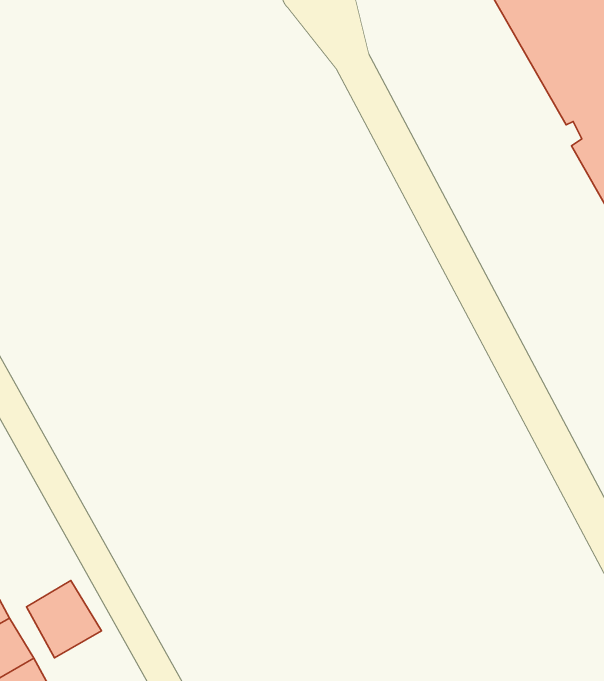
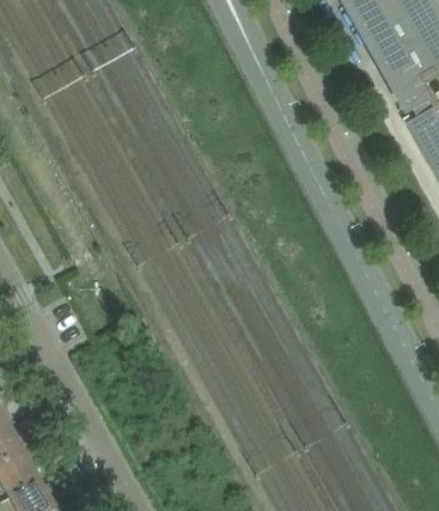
building: [27,581,101,658] -> none

